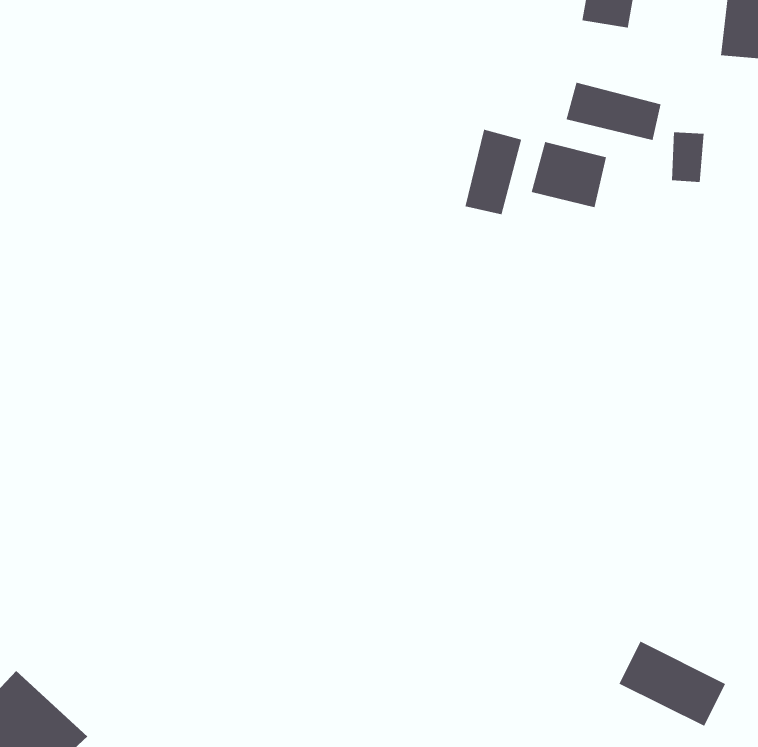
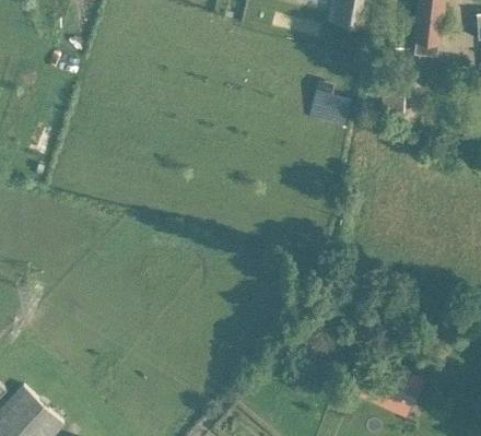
building: [566,82,661,141] -> none
building: [465,129,522,215] -> none

